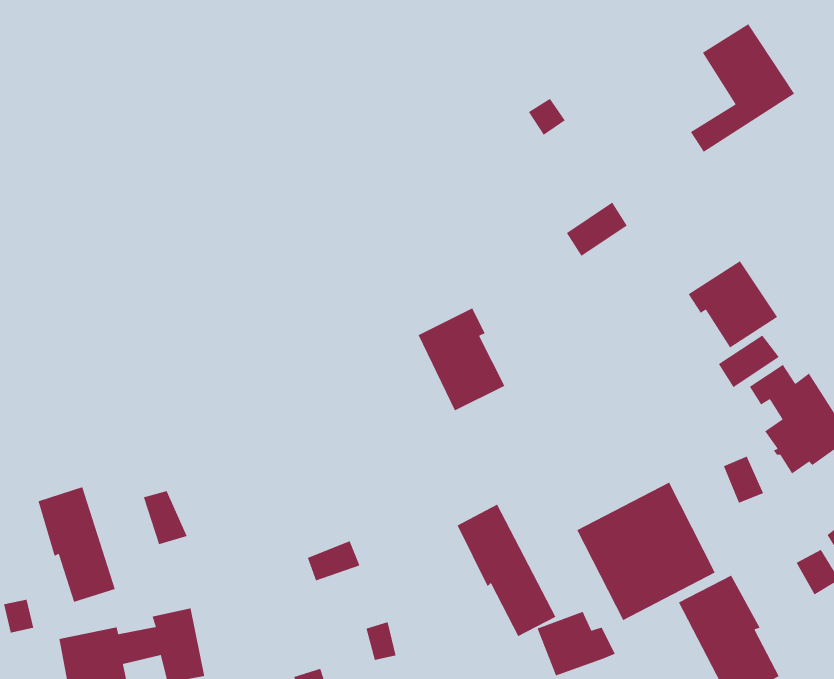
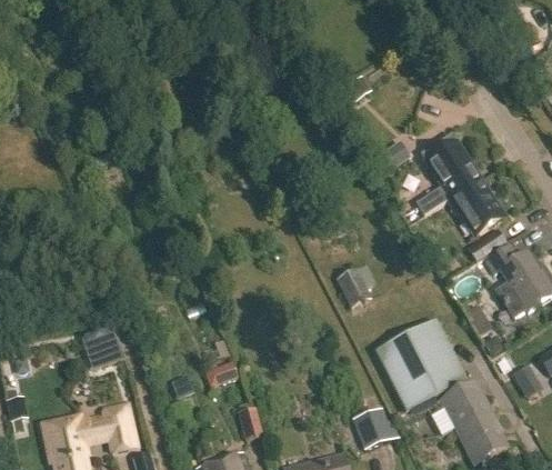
building: [690,23,795,153] -> [413,133,481,217]
building: [418,287,514,412] -> none
building: none -> [337,269,371,308]
building: [37,486,116,603] -> none
building: [456,504,557,637] -> none

